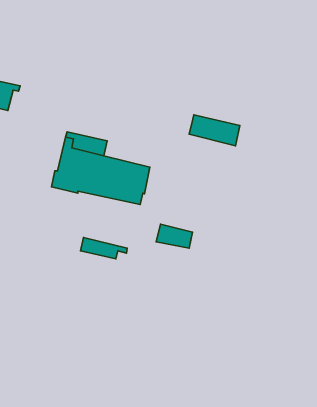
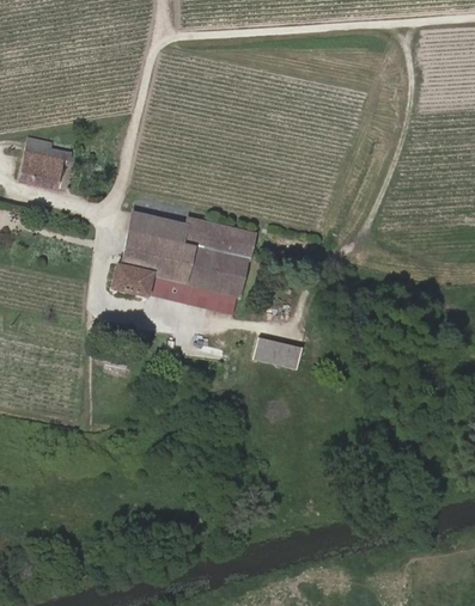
building: [189,115,240,146] -> [183,219,251,261]
building: [80,237,127,259] -> none

